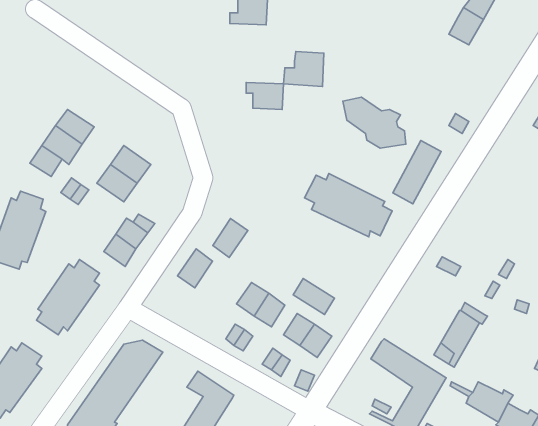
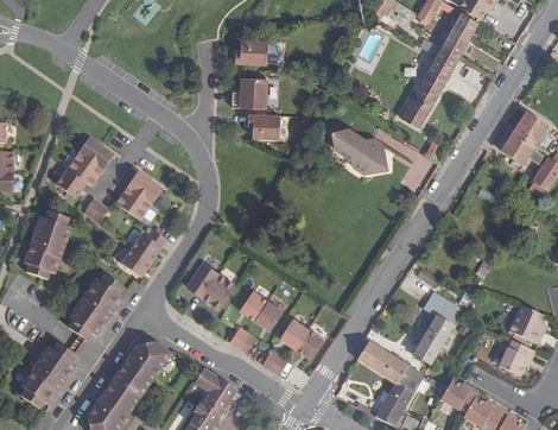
building: [284,52,324,87] -> [229,77,265,108]
building: [393,141,441,204] -> [400,71,443,127]
building: [305,173,392,237] -> none
building: [213,219,248,257] -> [201,272,232,306]
building: [293,279,334,315] -> none

